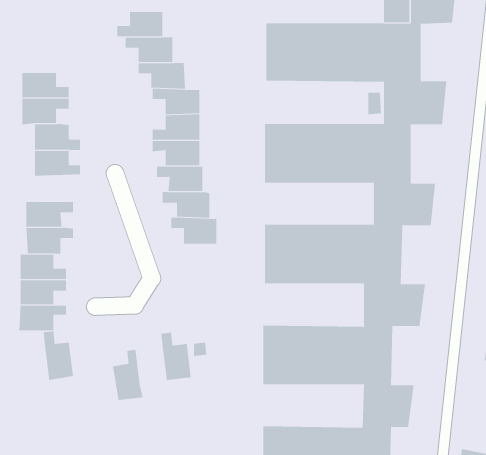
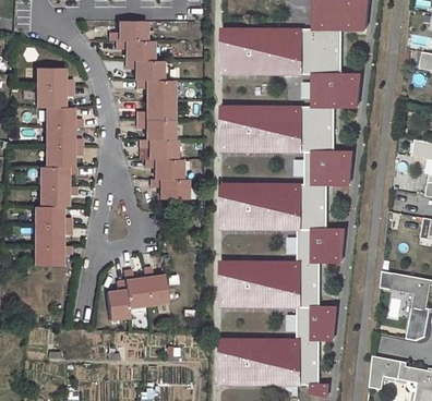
building: none -> [45,145,81,166]
building: [43,331,74,380] -> [122,268,146,306]

